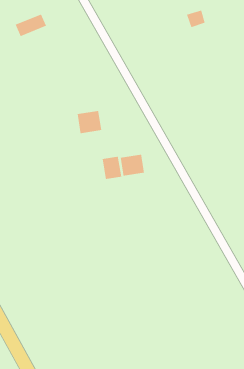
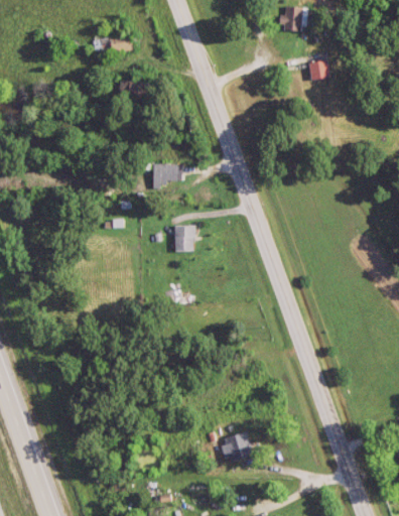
building: [120,154,145,177] -> none
building: none -> [219,429,257,467]

